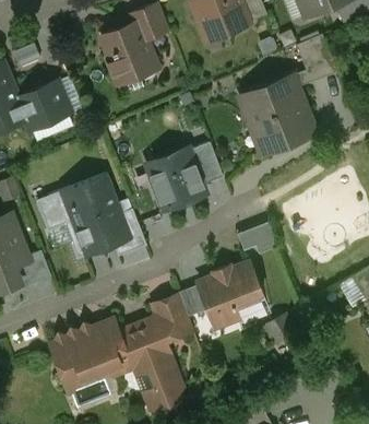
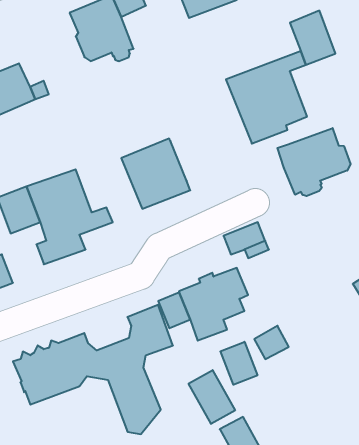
building: none -> [277,128,351,196]
building: [190,142,224,185] -> none
building: [109,222,147,257] -> none
building: none -> [220,342,257,385]
building: none -> [189,370,235,424]

